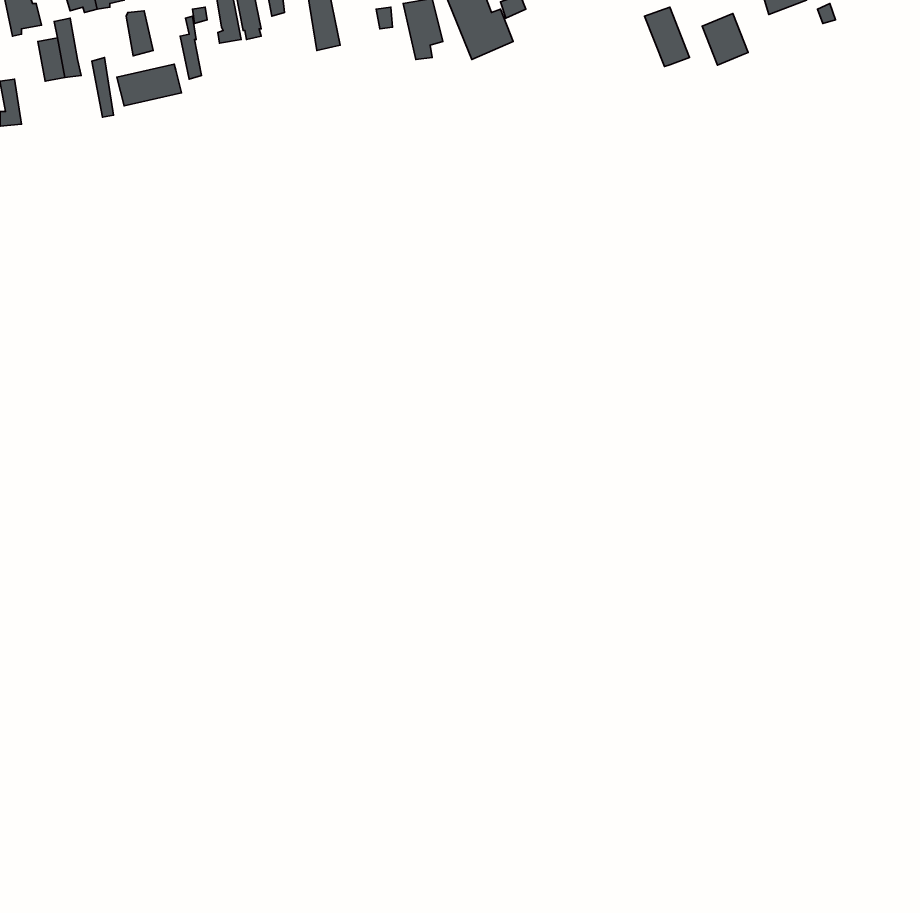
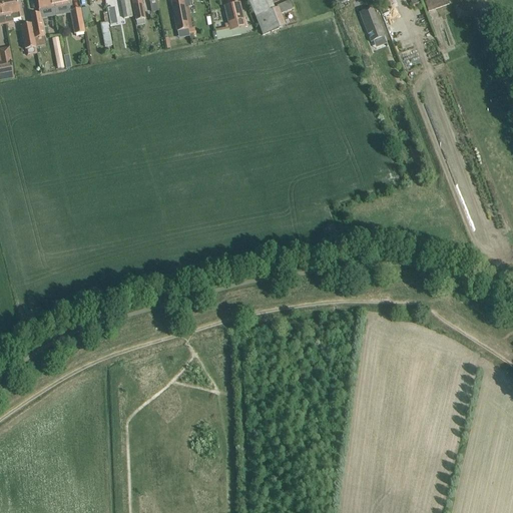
building: [702,14,748,65] -> none
building: [117,64,182,106] -> none

